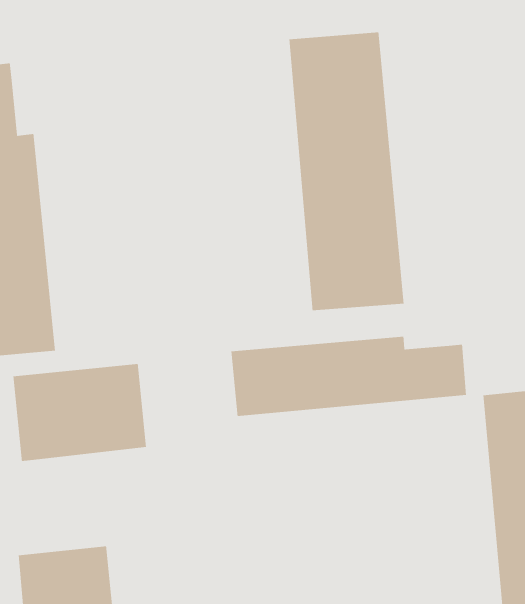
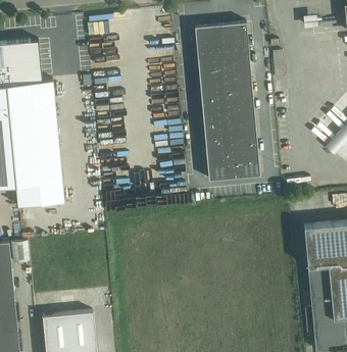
building: [230,336,467,417] -> none
building: [12,363,147,462] -> none

